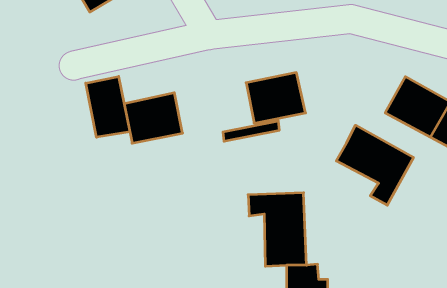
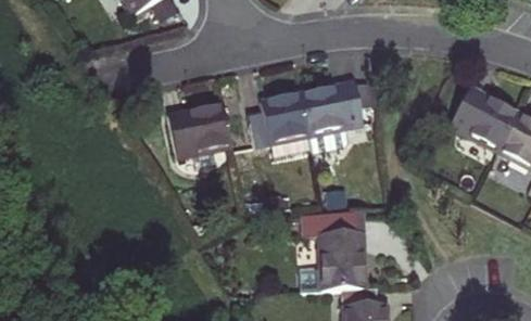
building: [86,76,130,137] -> none
building: none -> [248,92,308,146]
building: [336,125,413,205] -> none

